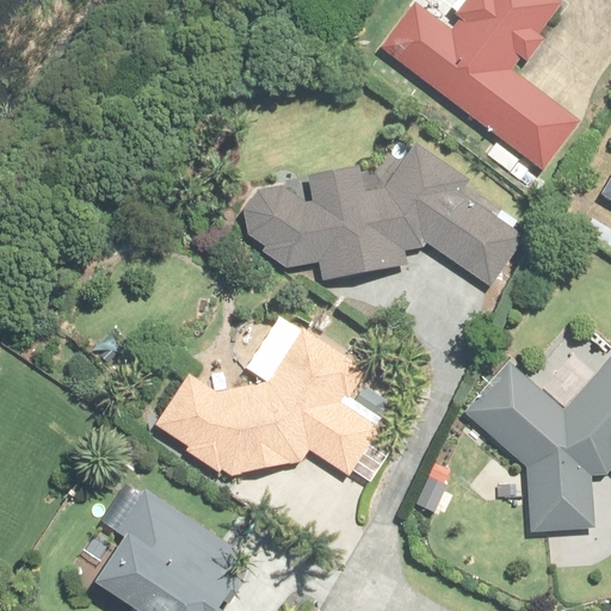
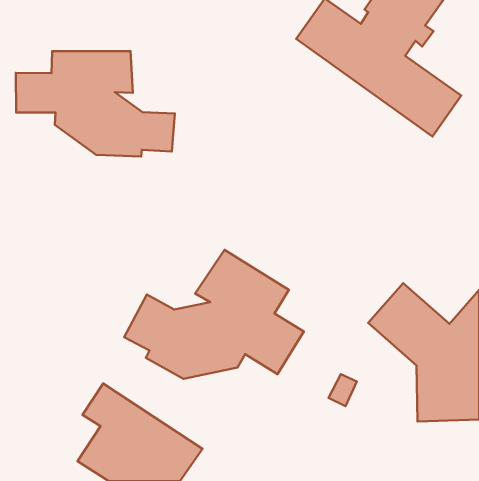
building: none -> [16,51,175,156]
building: [245,144,517,279] -> none

